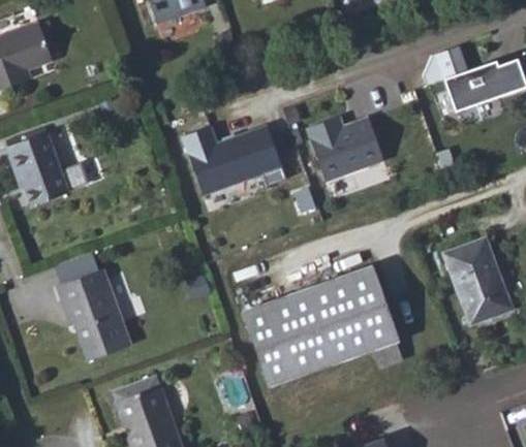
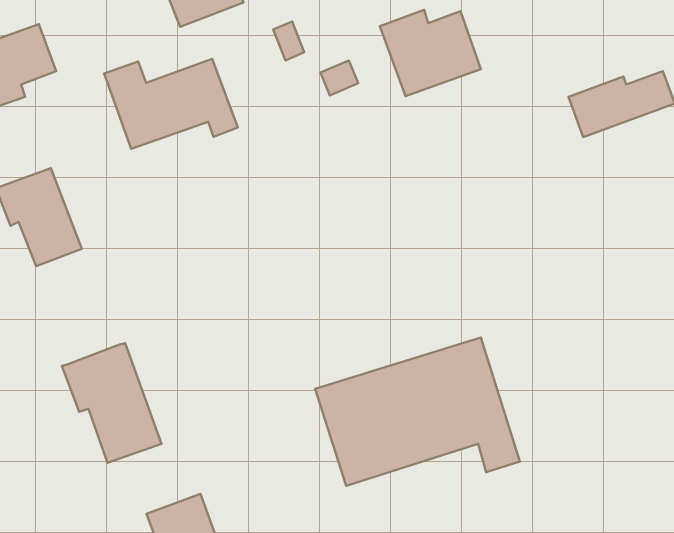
building: [305,114,382,180] -> [380,10,481,96]
building: [183,126,285,195] -> [104,59,238,149]
building: [450,242,516,325] -> none
building: [51,251,99,286] -> none

